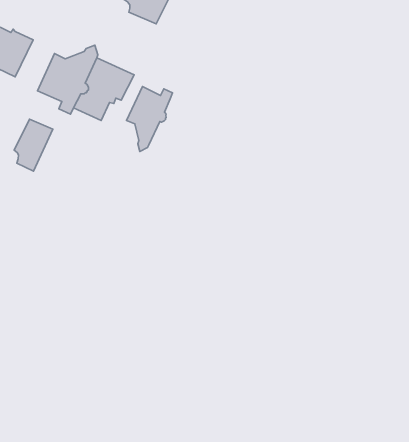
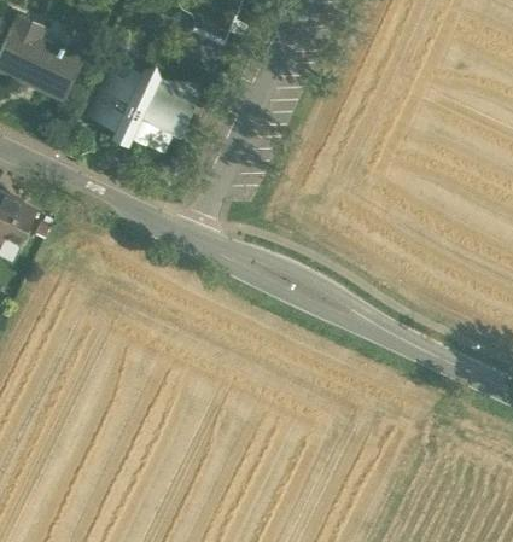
building: [126,86,173,151] -> none
building: [14,119,53,171] -> none

